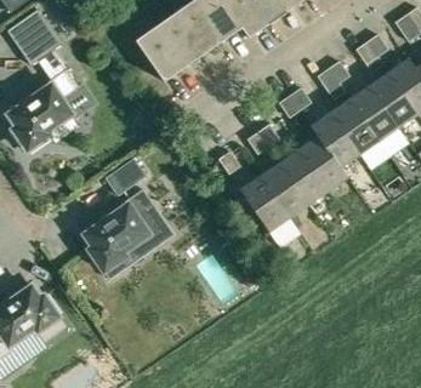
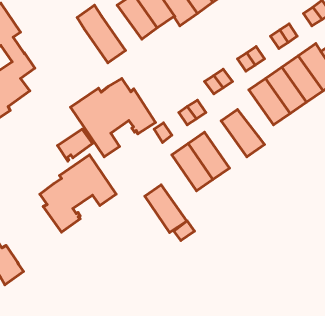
building: [157,13,204,67] -> none
building: none -> [71,79,156,157]
building: [311,113,359,167] -> none
building: [278,149,328,205] -> [145,185,187,232]

